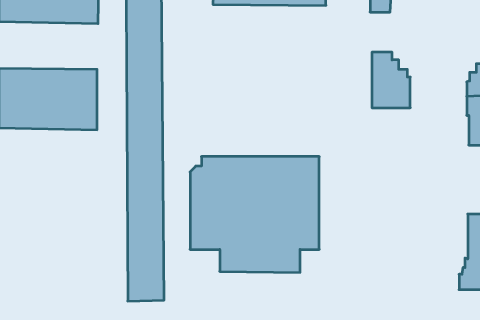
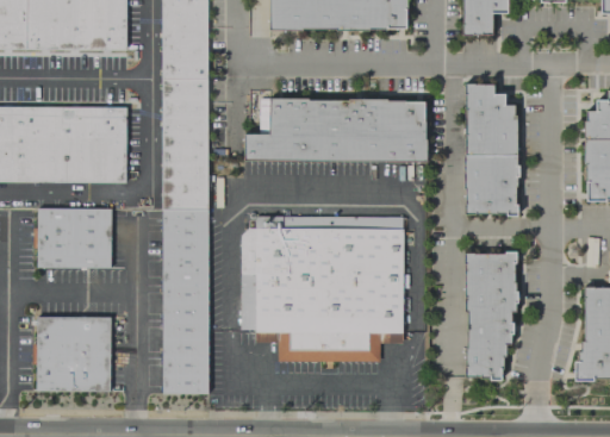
building: none -> [247,100,428,161]
building: none -> [467,155,521,216]
building: none -> [38,210,111,267]
building: none -> [467,254,515,377]
building: none -> [38,317,112,391]

